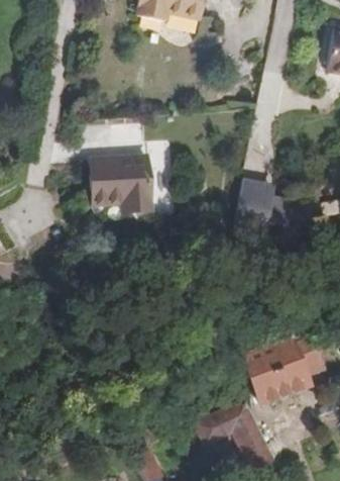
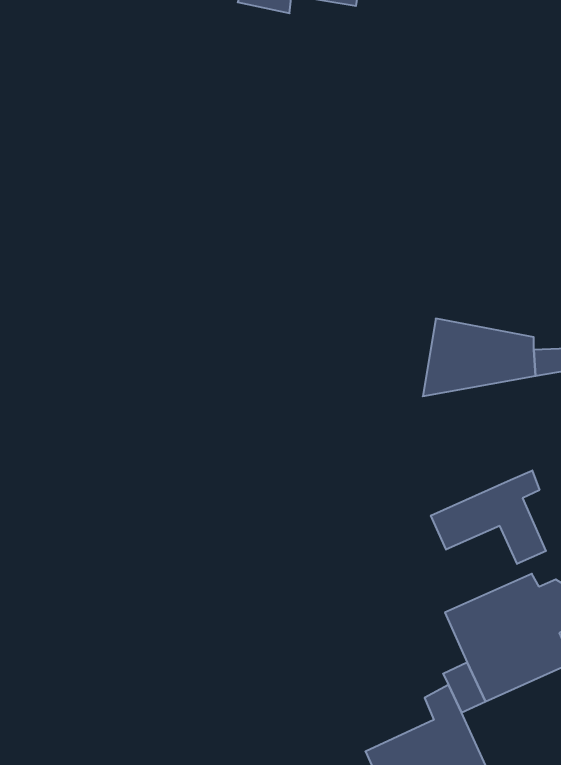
building: [88,163,148,219] -> none
building: none -> [431,470,546,564]

